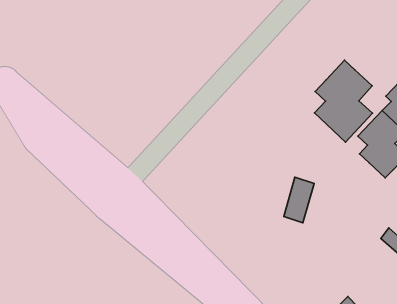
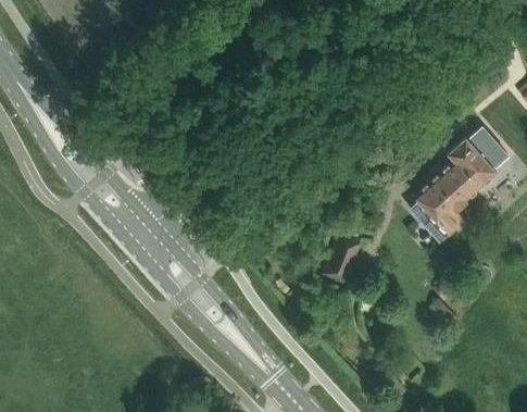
building: [315,60,373,142] -> none

